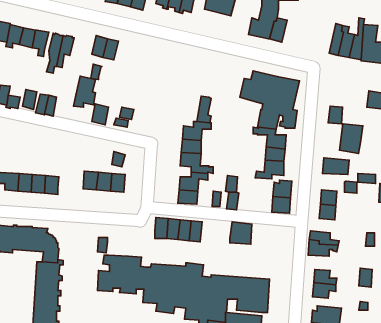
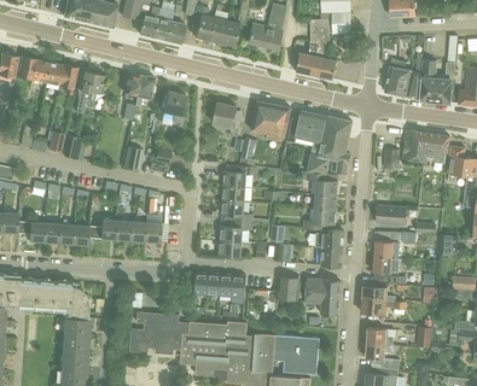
building: none -> [251,100,290,141]
building: none -> [213,103,242,136]
building: [74,76,96,107] -> [161,90,185,124]
building: [340,124,363,154] -> [402,129,427,162]
building: none -> [87,212,117,239]
building: none -> [306,277,341,314]

